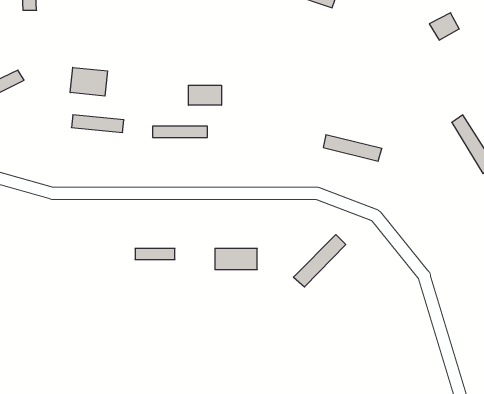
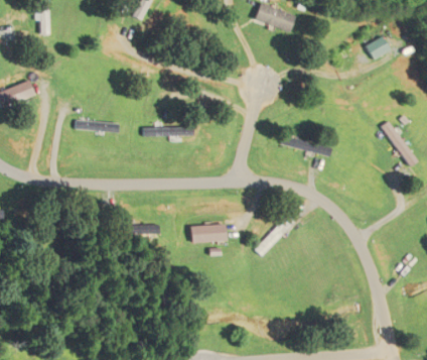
building: [70,67,107,96] -> none
building: [188,85,221,105] -> none

